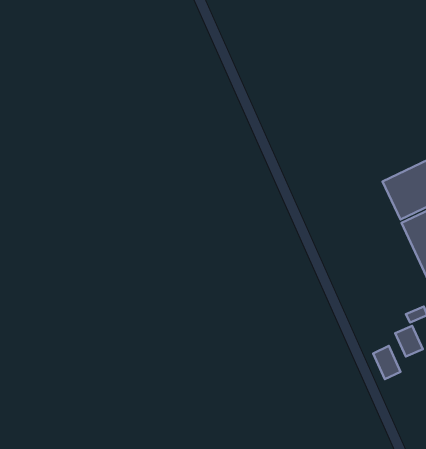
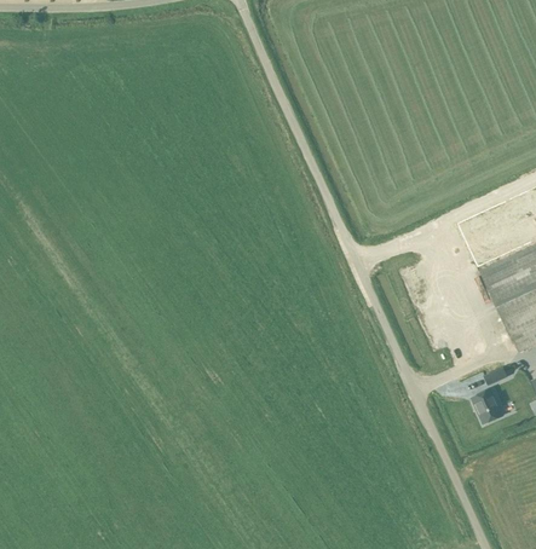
building: [373,346,401,379] -> none

